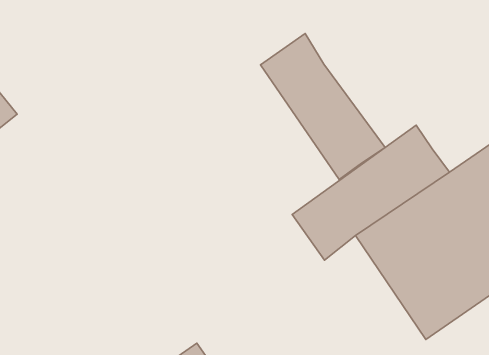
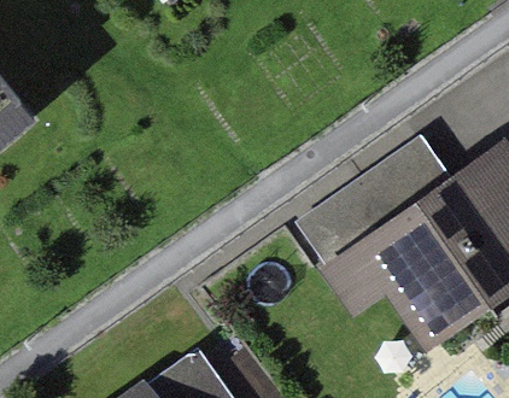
building: [261,33,385,180] -> none

